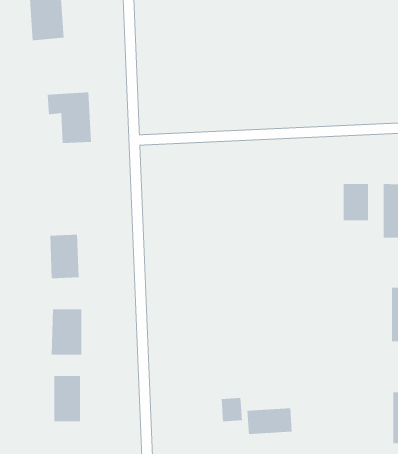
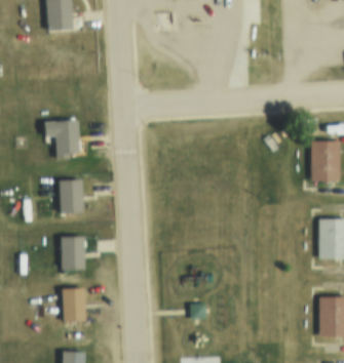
building: [47,92,92,143] -> [45,118,79,157]
building: [343,183,368,221] -> none
building: [247,407,292,435] -> none

